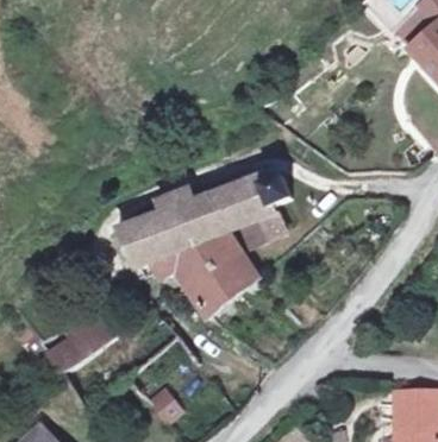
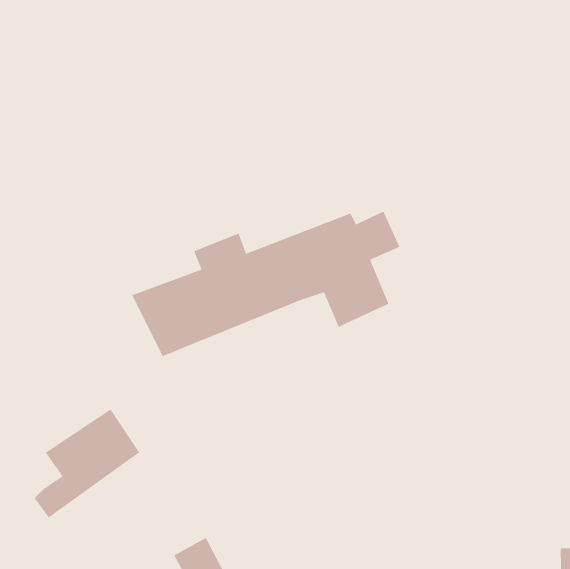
building: [151,231,258,317] -> none

